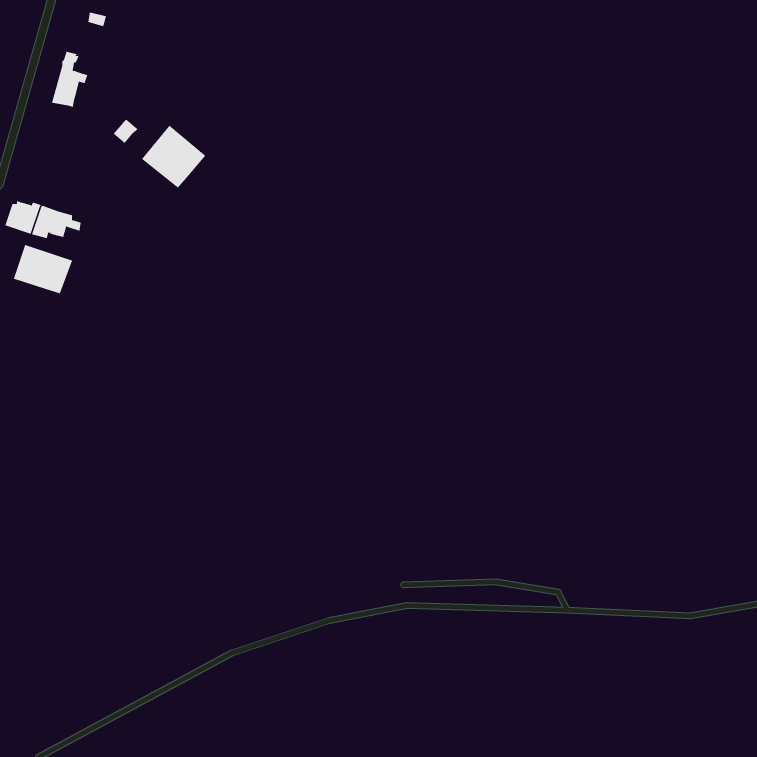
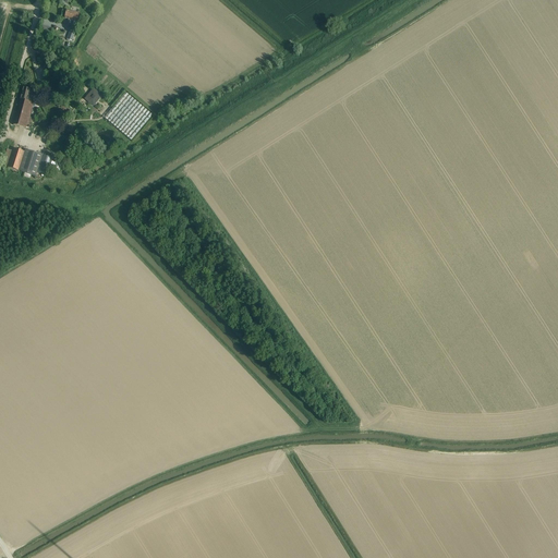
building: [51,51,88,107] -> [12,86,39,128]
building: [13,244,73,294] -> none

